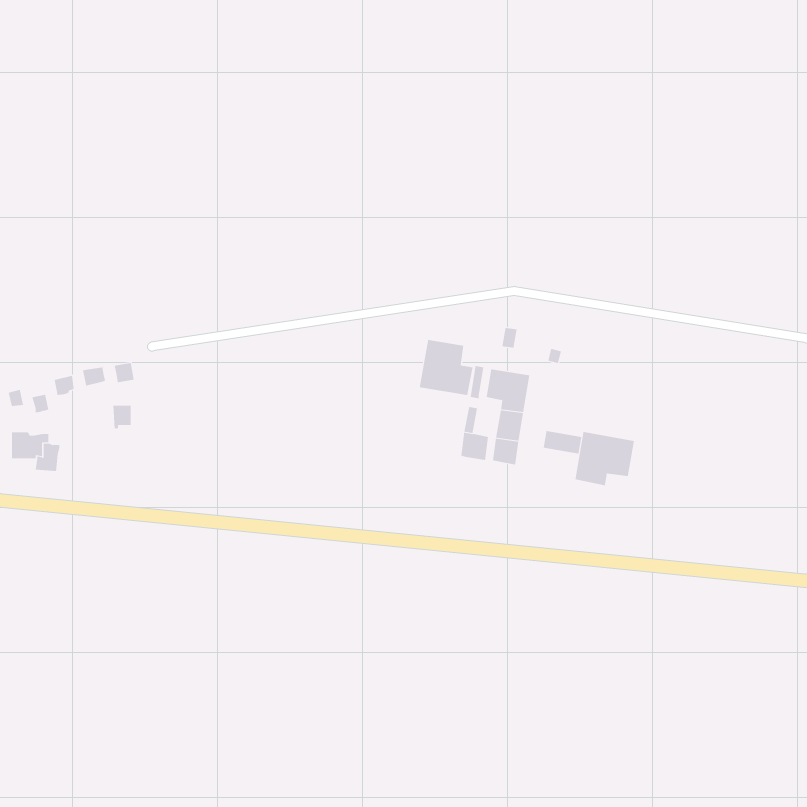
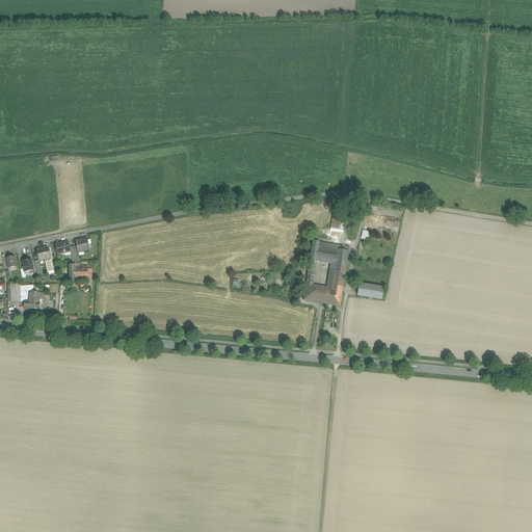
building: [419,339,473,396] -> none
building: [575,431,634,486] -> none

